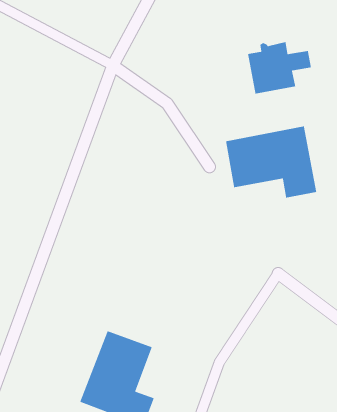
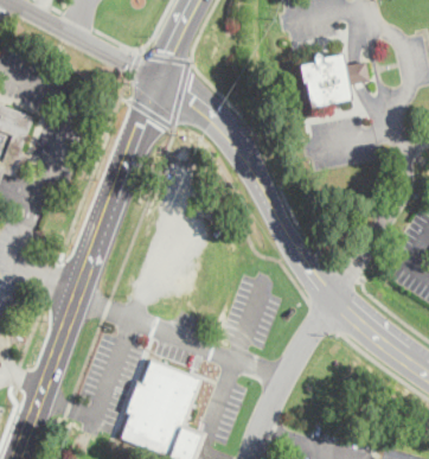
building: [225,126,317,199] -> none

